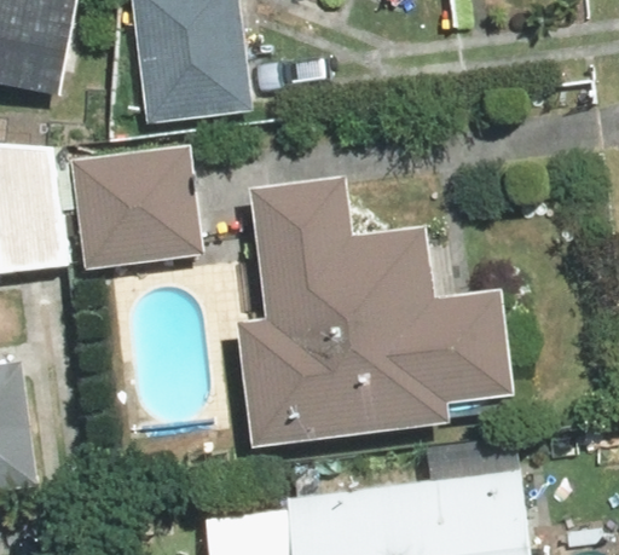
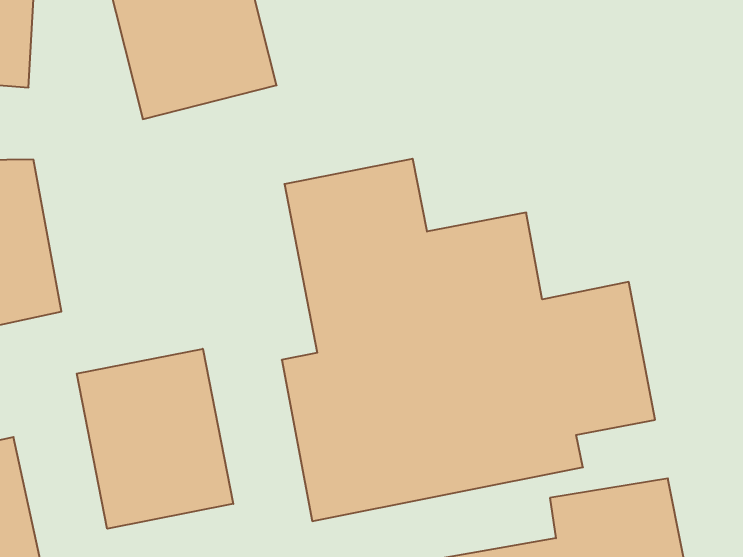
building: [73,150,204,271] -> none
building: none -> [77,349,233,529]

